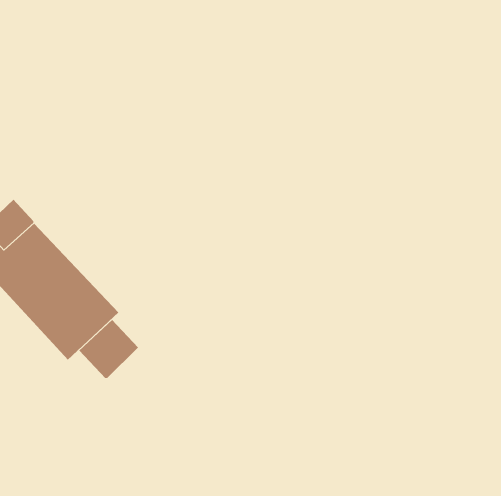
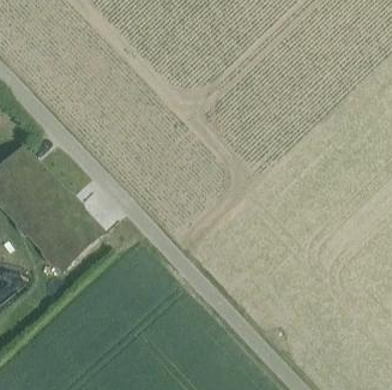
building: [78,319,139,379] -> none

